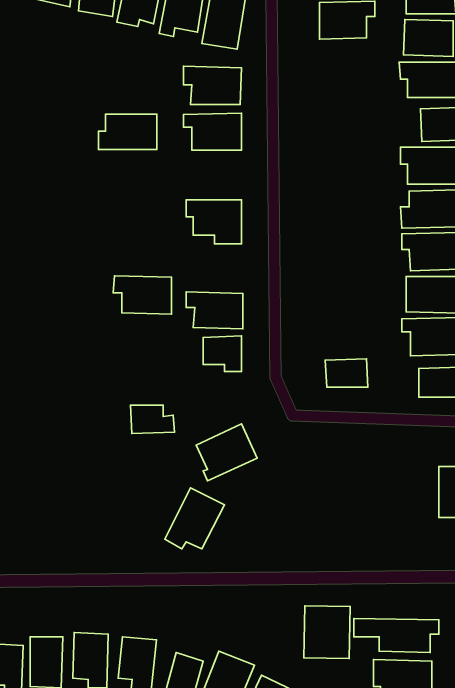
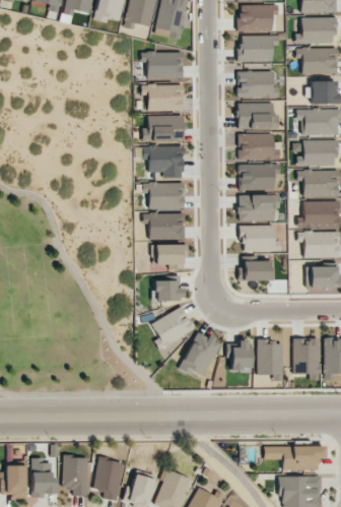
building: none -> [240,36,274,62]
building: none -> [238,71,280,99]
building: [99,114,157,150] -> [143,116,185,141]
building: none -> [238,103,279,129]
building: none -> [240,133,281,160]
building: none -> [240,164,280,189]
building: none -> [240,194,280,220]
building: [113,276,171,314] -> [143,182,185,209]
building: none -> [243,225,282,252]
building: [131,405,175,434] -> [153,280,185,301]
building: none -> [293,338,321,374]
building: none -> [231,340,253,372]
building: none -> [258,340,284,376]
building: [165,488,225,549] -> [180,331,222,375]
building: [304,606,350,659] -> none

